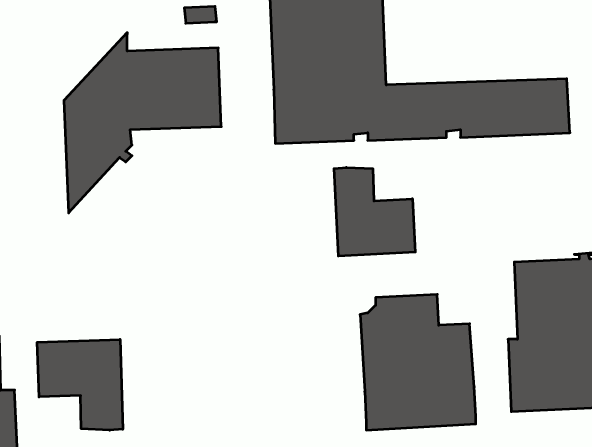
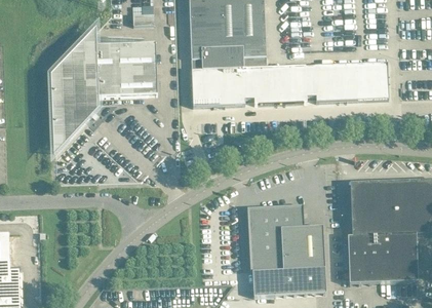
building: [334,167,415,256] -> none
building: [37,339,123,430] -> none

